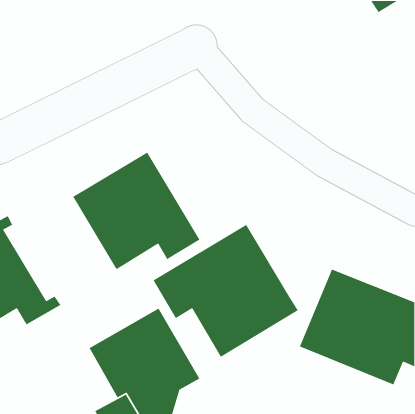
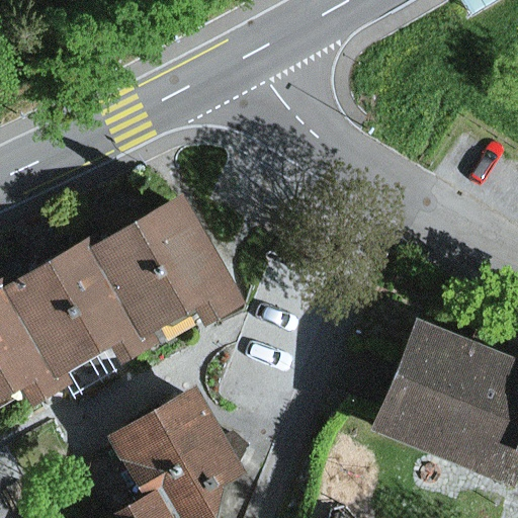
building: none -> [5,229,160,376]
building: [152,224,299,358] -> none

